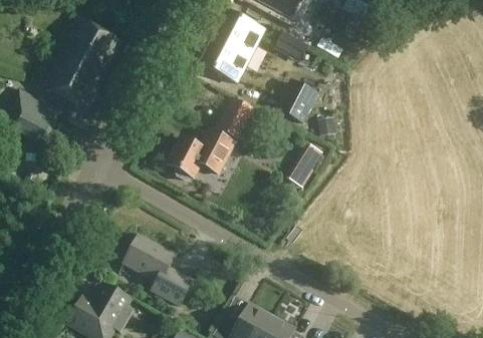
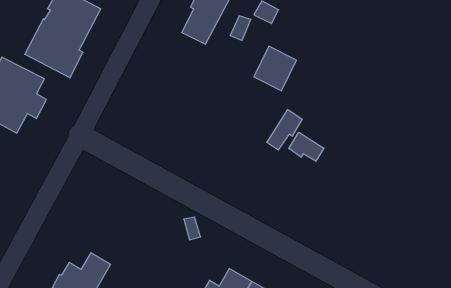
building: [218,97,254,138] -> none
building: [168,128,234,180] -> none
building: none -> [289,132,324,161]
building: [125,235,194,305] -> none

